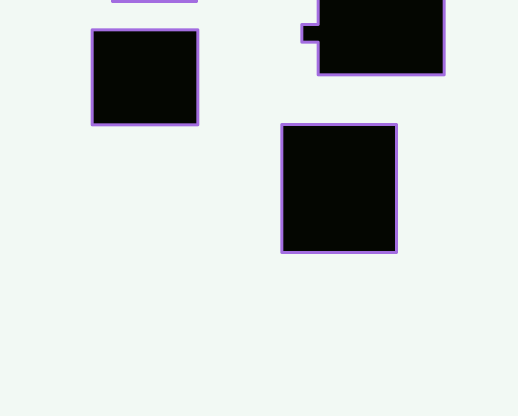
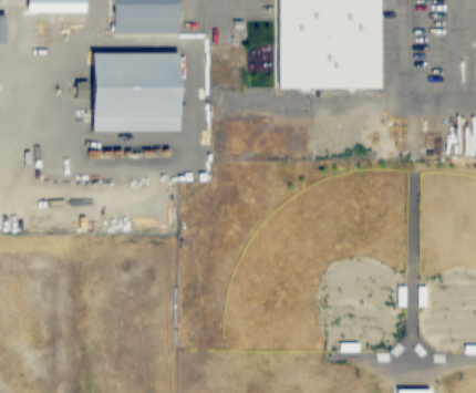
building: [282,124,397,253] -> none

